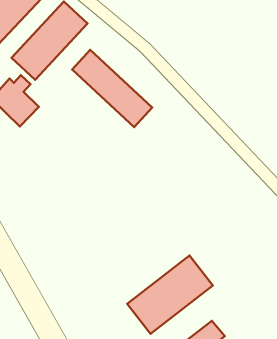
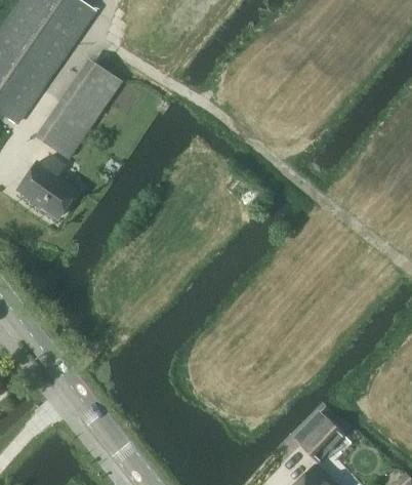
building: [72,50,152,127] -> none
building: [127,255,213,334] -> none

